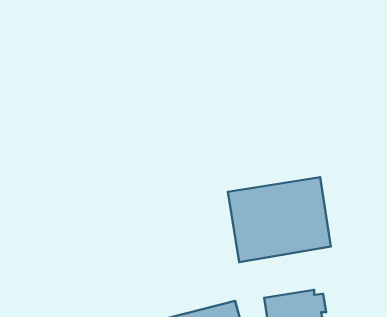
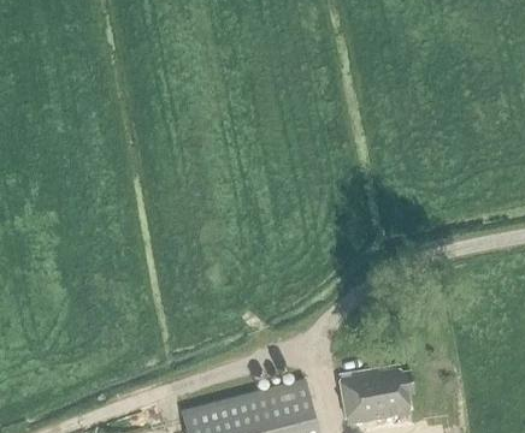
building: [228,177,331,262] -> none

